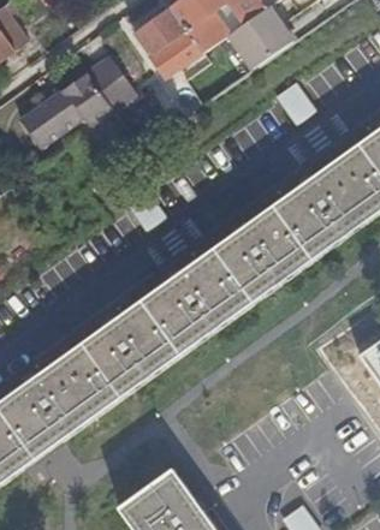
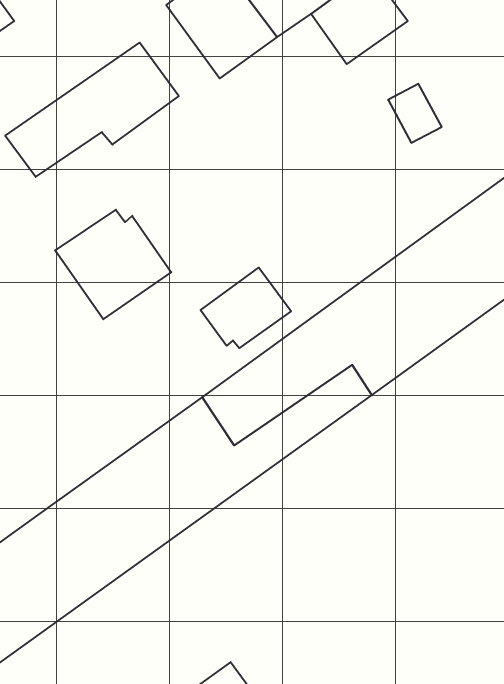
building: none -> [55,210,171,319]
building: none -> [201,268,291,348]

